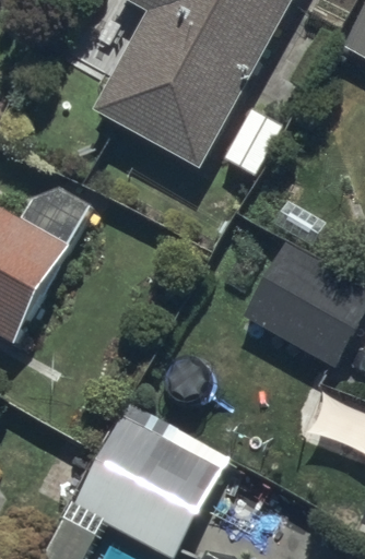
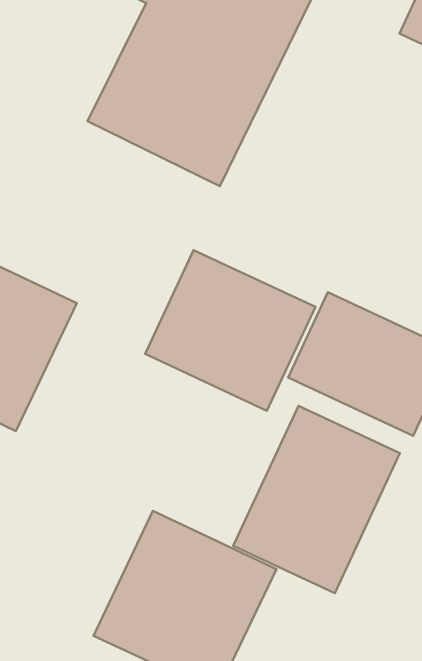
building: none -> [145,250,315,411]
building: none -> [233,406,400,593]

